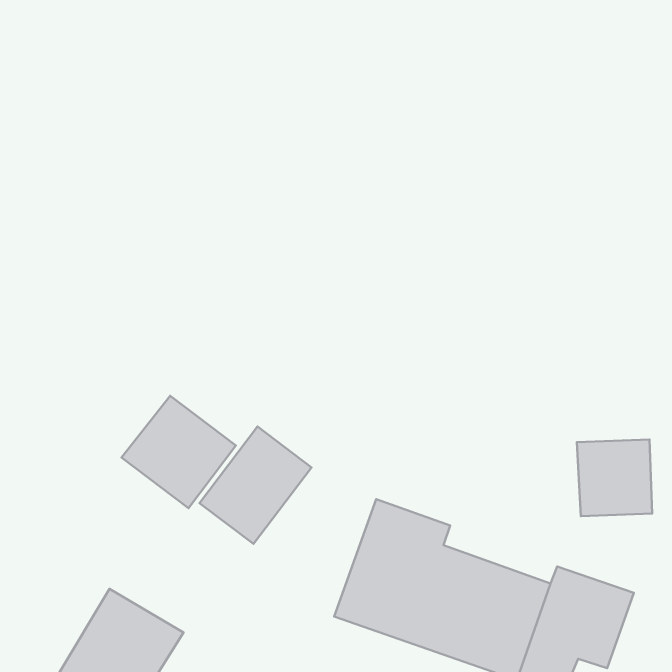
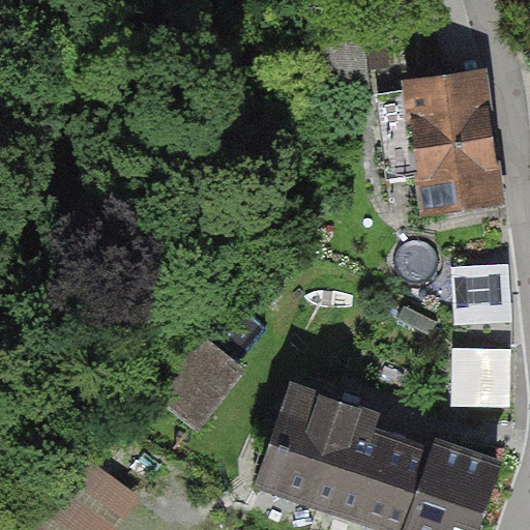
building: none -> [407,66,494,216]
building: none -> [450,263,510,322]
building: [122,396,236,508] -> none

